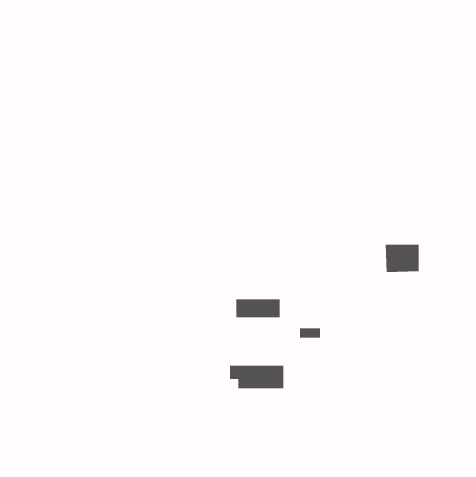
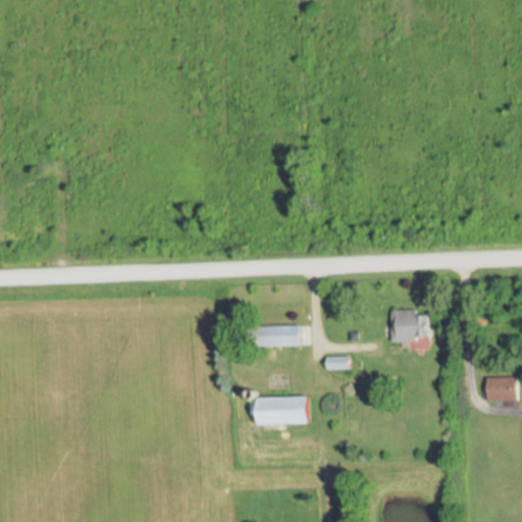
building: [385,244,419,273] -> [390,310,428,342]
building: none -> [487,379,507,399]

